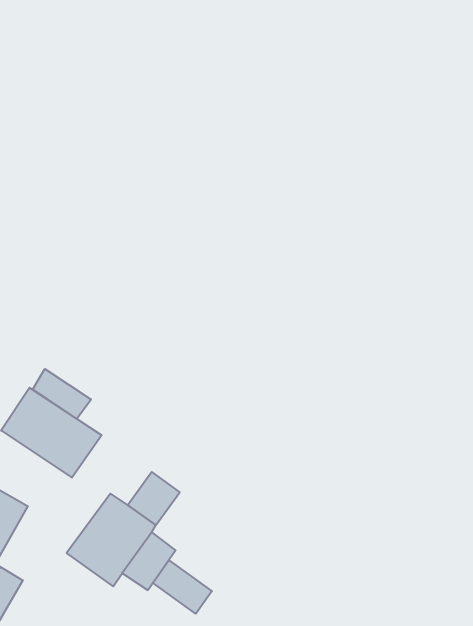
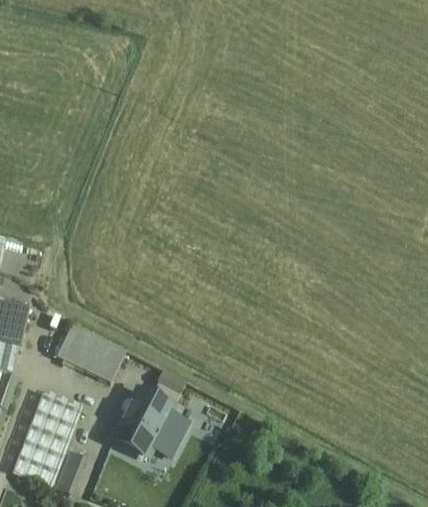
building: [33,369,91,419] -> none
building: [153,560,212,614] -> none

